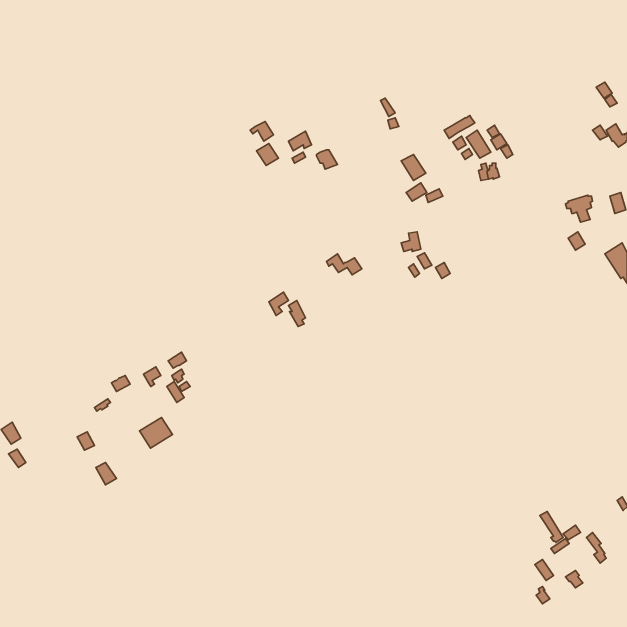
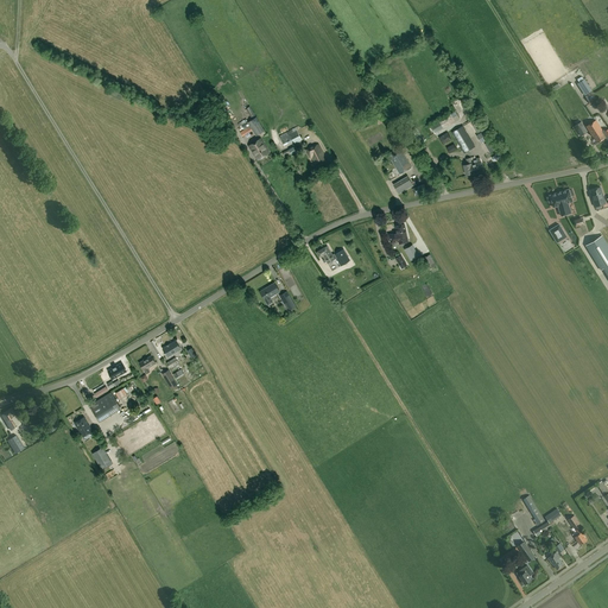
building: [139,417,173,448] -> [89,392,121,422]

